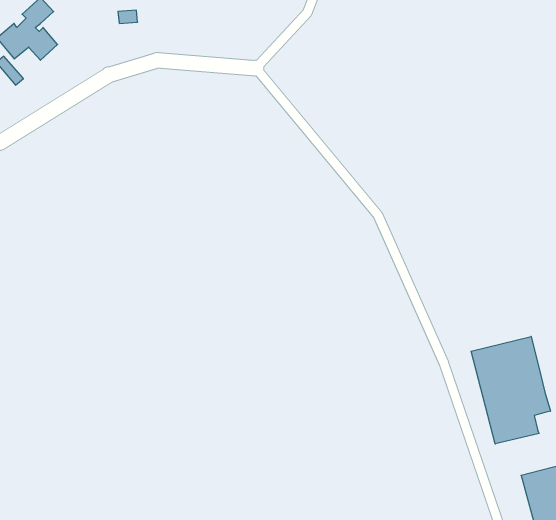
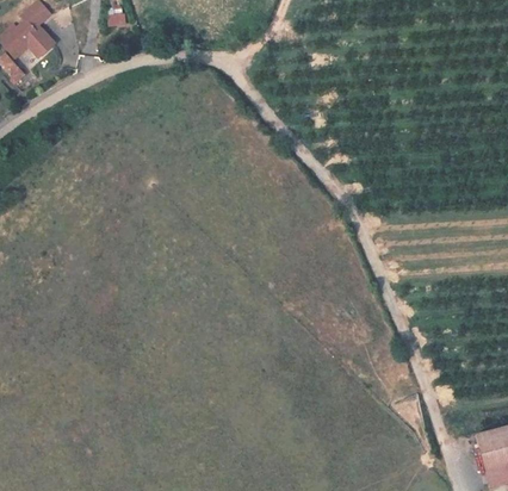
building: [471,336,550,444] -> none

